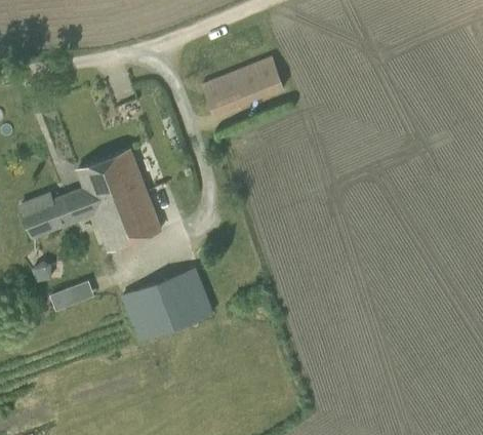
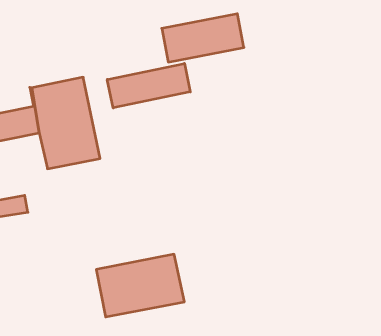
building: none -> [107,63,190,108]
building: [120,267,214,342] -> [96,254,184,317]

